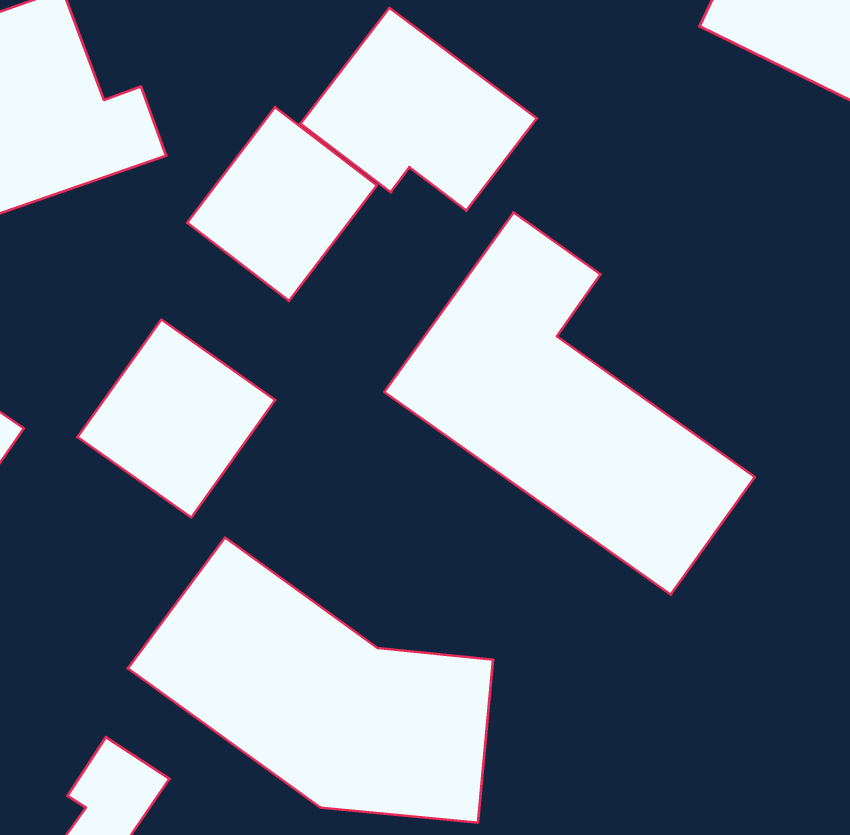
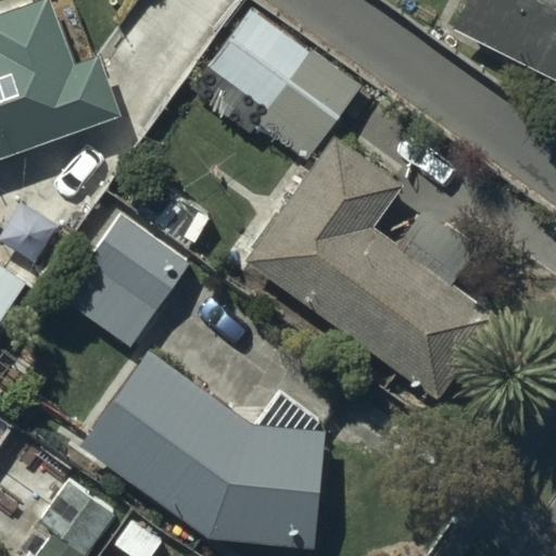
building: [187,107,377,301] -> none

